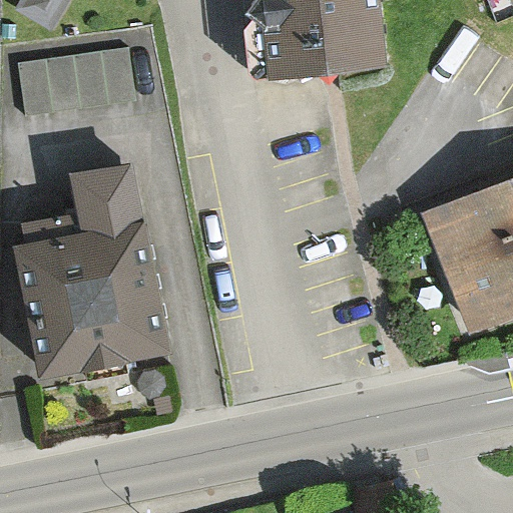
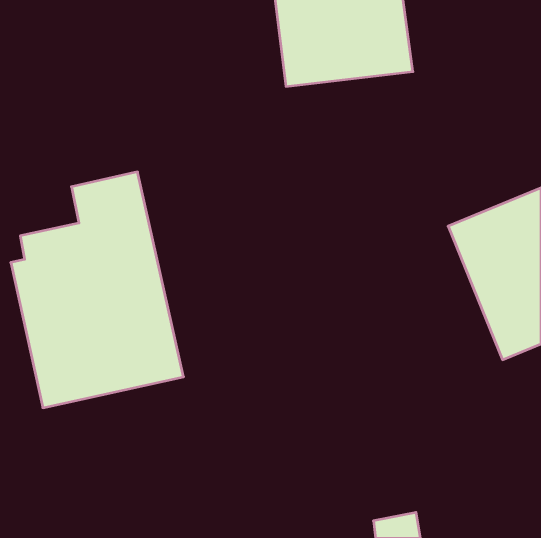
building: [17,47,134,112] -> none

